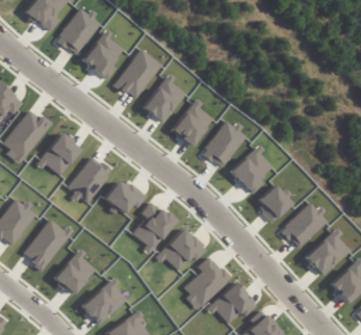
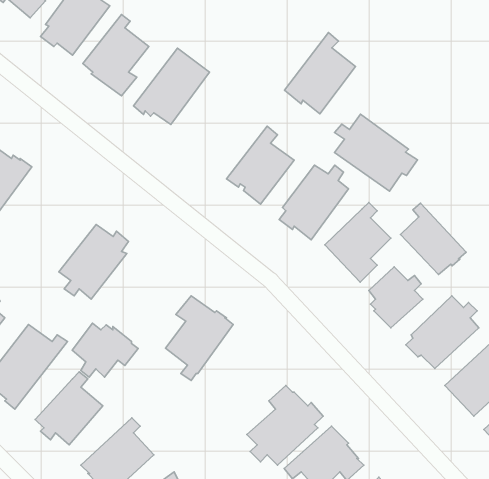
building: [140,73,184,123] -> [284,33,355,114]
building: none -> [335,114,418,191]
building: [35,133,79,175] -> none
building: none -> [400,203,466,275]
building: [103,181,144,214] -> [72,323,138,377]
building: [154,228,204,269] -> none

